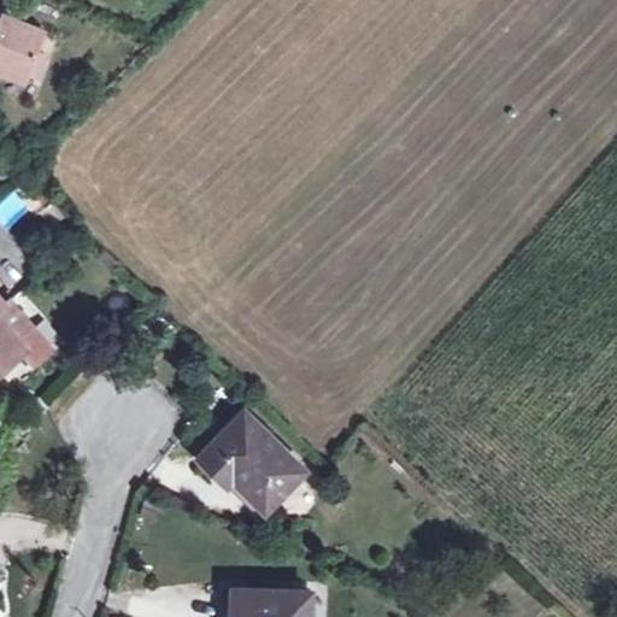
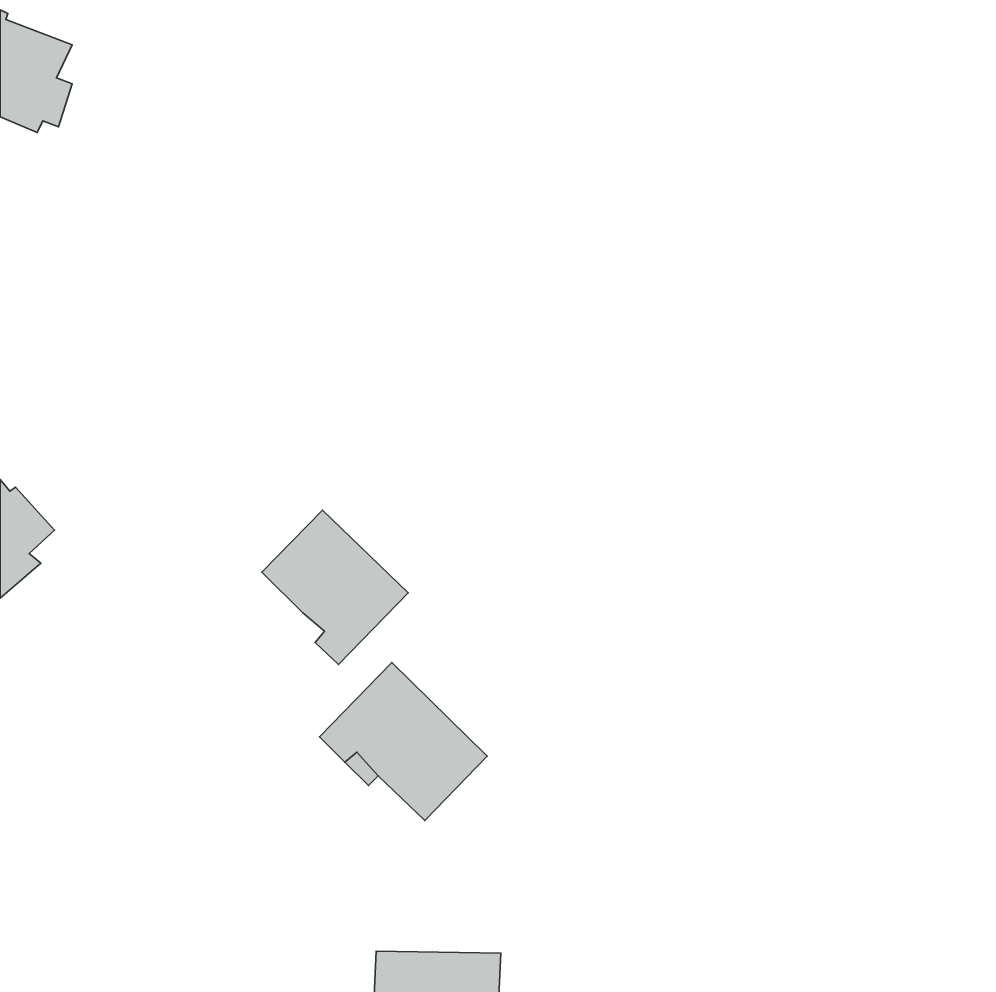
building: none -> [262,510,408,665]

